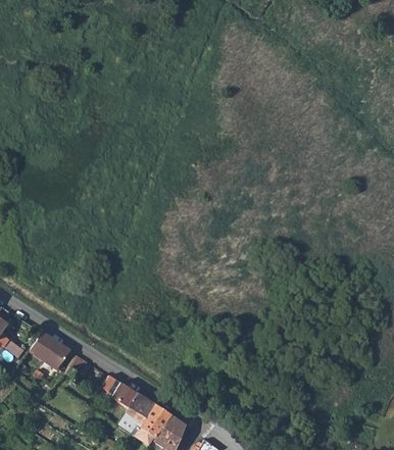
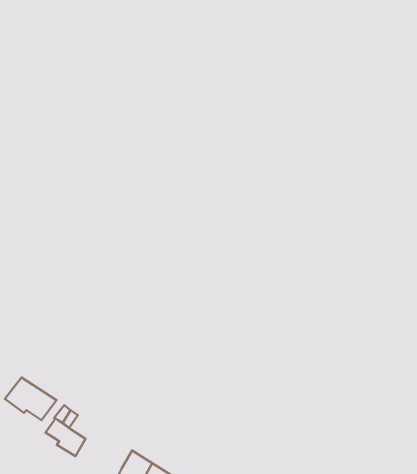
building: [101,376,134,406] -> [45,419,86,456]

